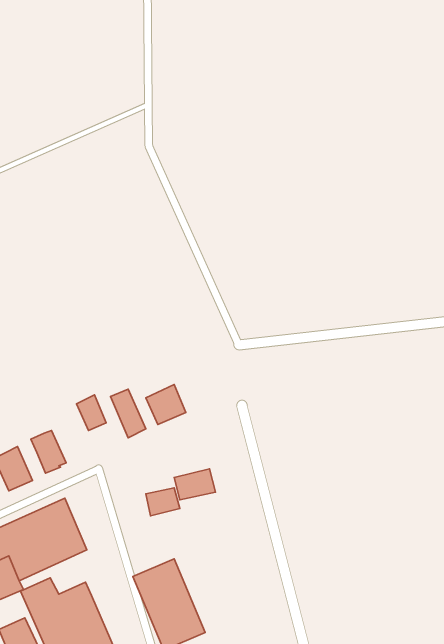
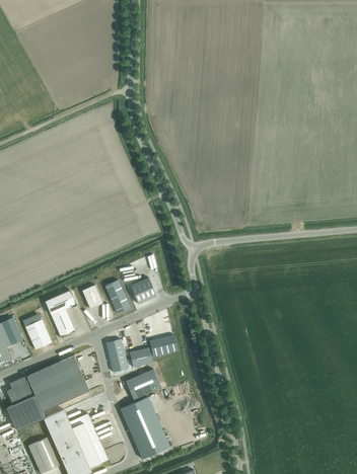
building: none -> [46,290,75,314]
building: none -> [106,338,128,372]
building: none -> [126,369,161,399]

